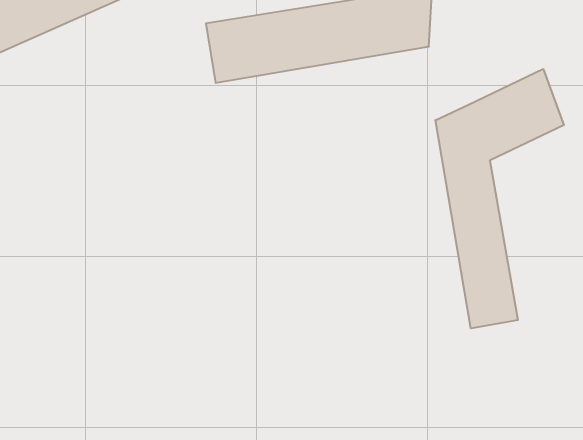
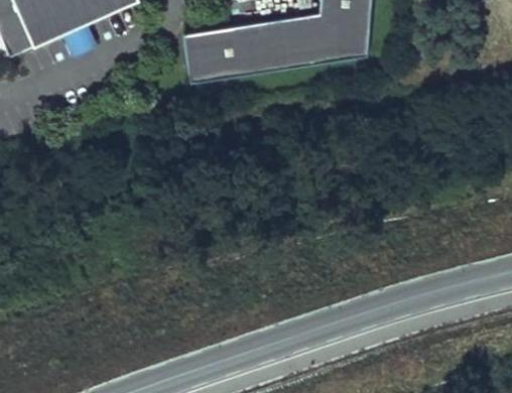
building: [435,69,564,328] -> none

